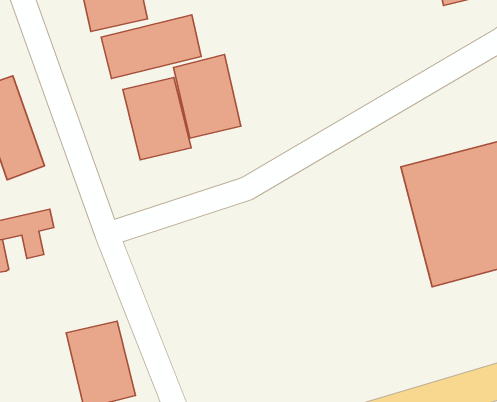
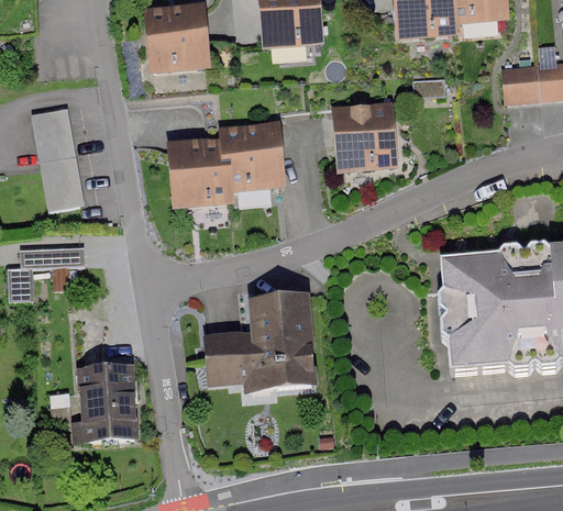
building: [101,15,201,79] -> none
building: none -> [331,104,399,164]
building: none -> [209,287,318,395]

